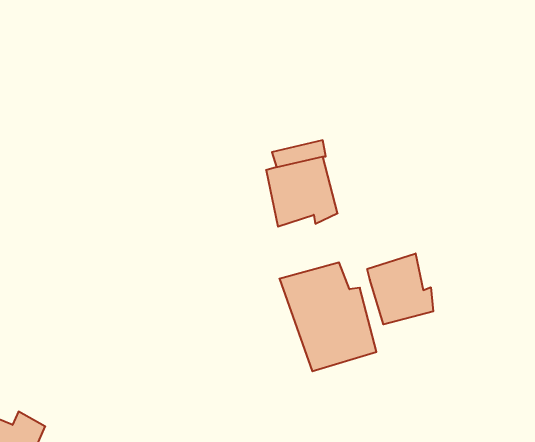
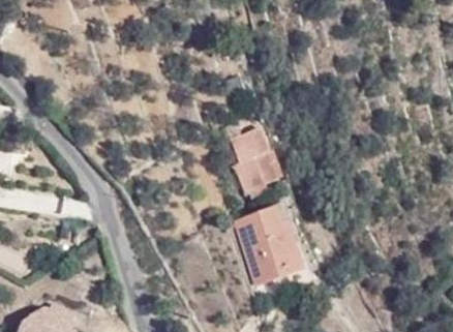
building: [367,253,433,324] -> none

